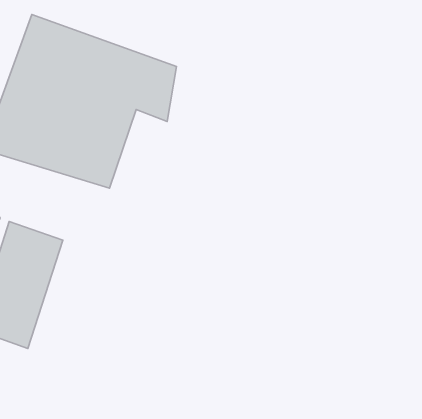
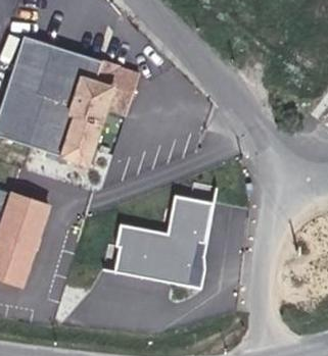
building: none -> [114,196,210,287]

